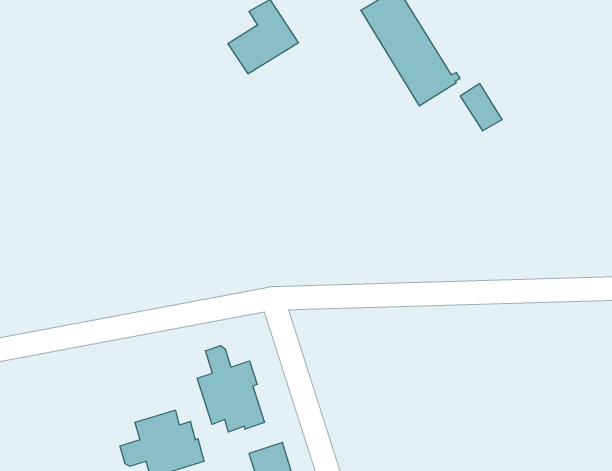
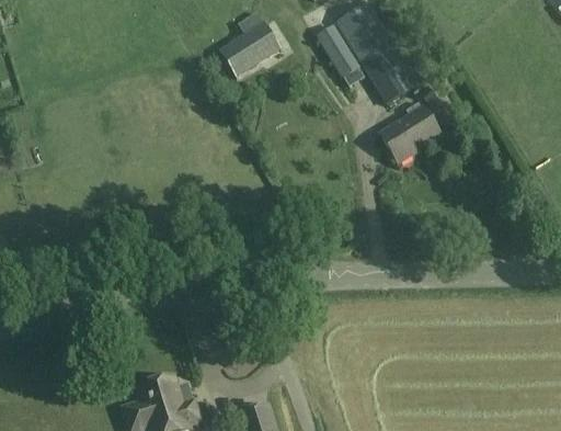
building: none -> [316,25,360,78]
building: none -> [381,107,442,163]
building: [197,346,264,432] -> none

